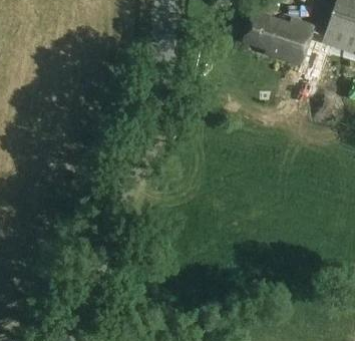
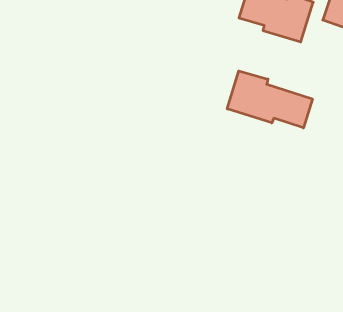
building: none -> [227,71,312,128]

